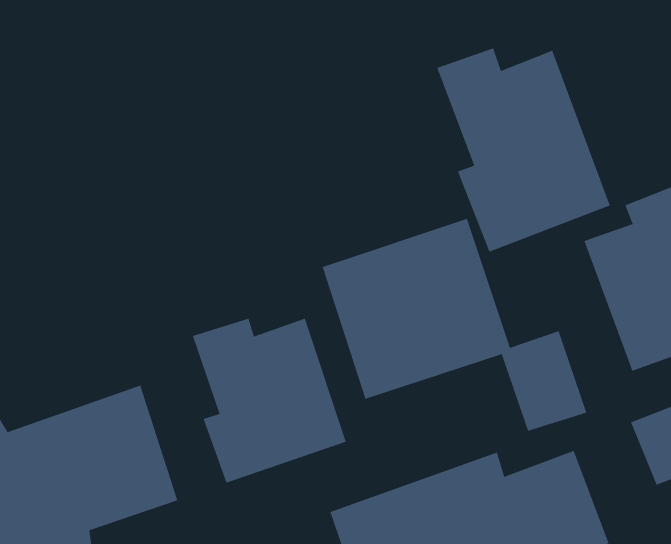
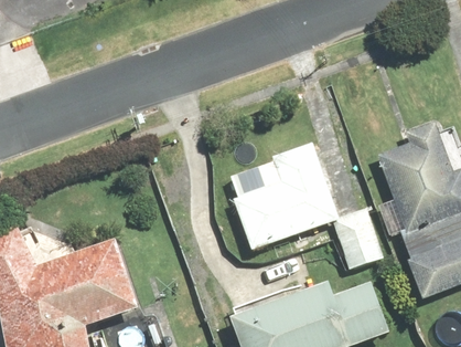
building: [436,48,611,253] -> none
building: [192,318,347,484] -> none

